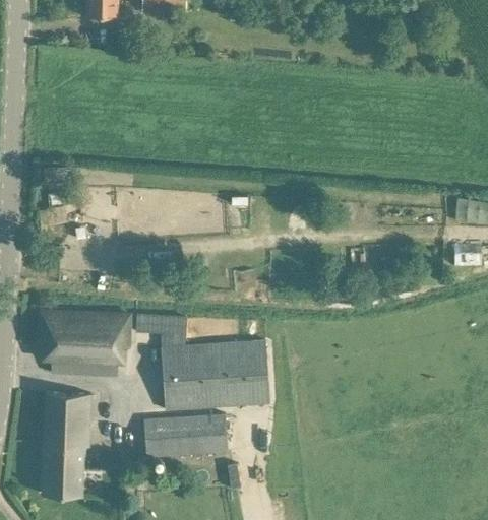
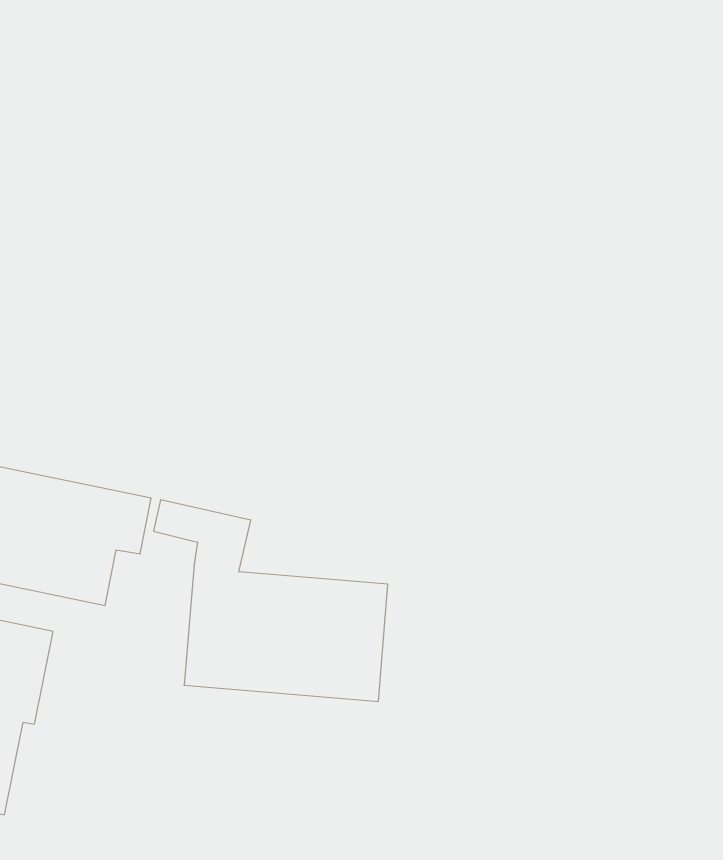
building: [143,413,228,456] -> none

